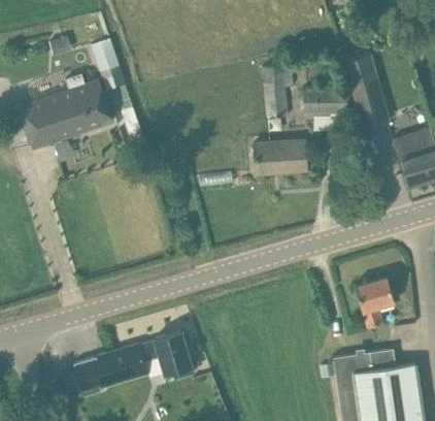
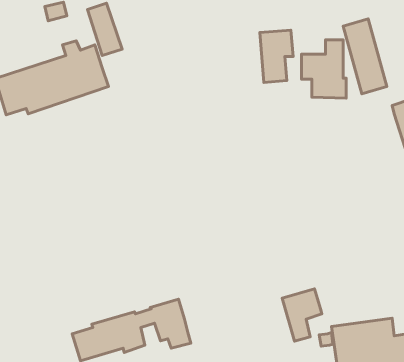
building: [254,139,306,173] -> none
building: [355,277,394,328] -> [282,289,322,341]

